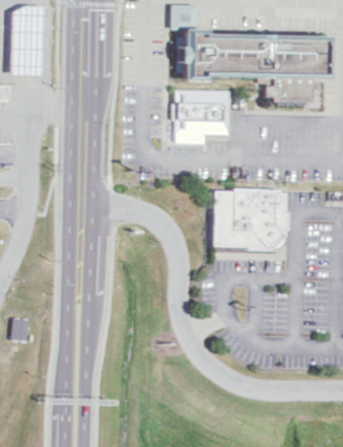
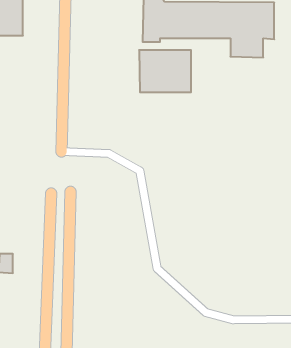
building: [210,187,286,252] -> none

